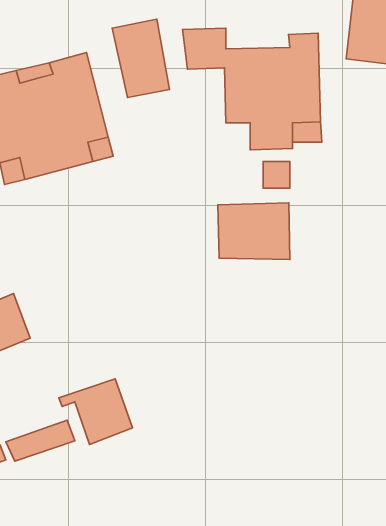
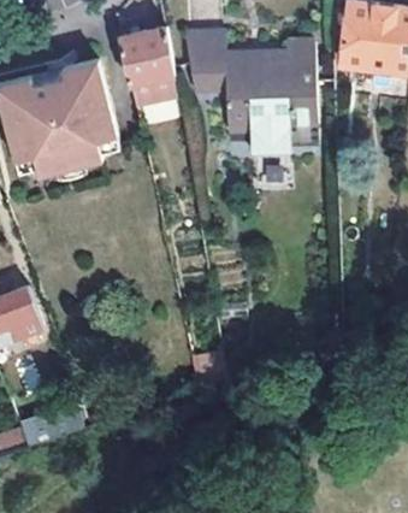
building: [218,203,290,259] -> none
building: [59,379,133,445] -> none

